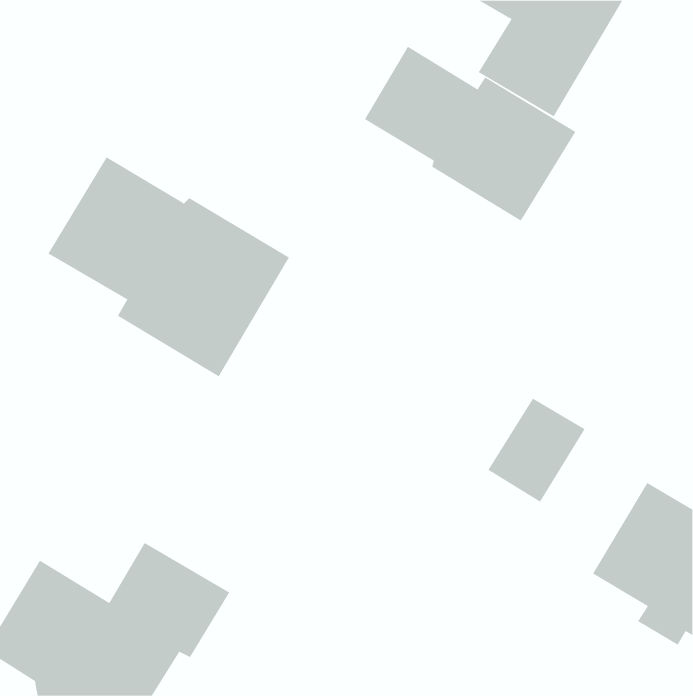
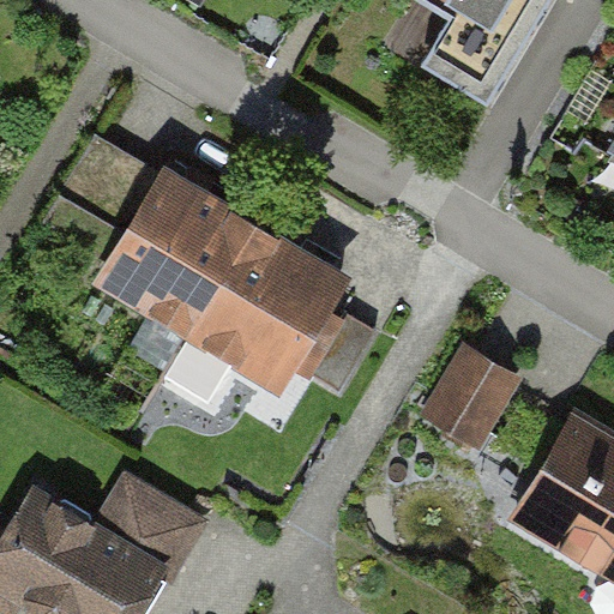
building: [364,46,576,221] -> none
building: none -> [164,227,377,403]

